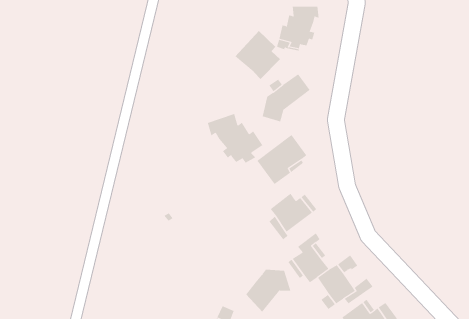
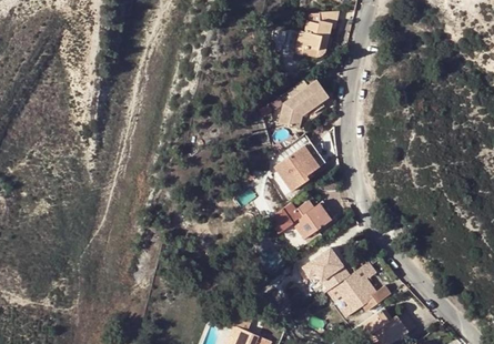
building: [234,30,281,80] -> none
building: [207,113,263,164] -> none
building: [246,269,291,312] -> none

